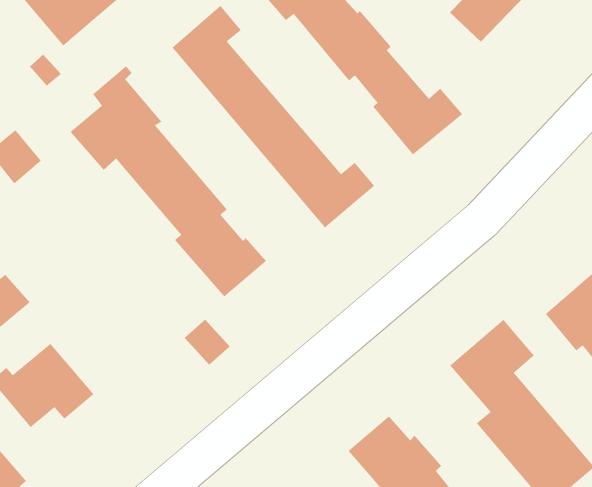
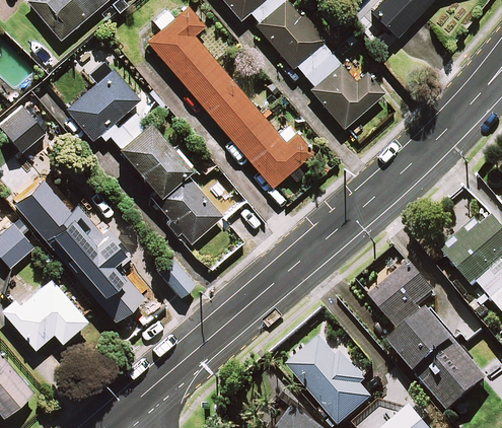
building: none -> [28,193,142,320]

